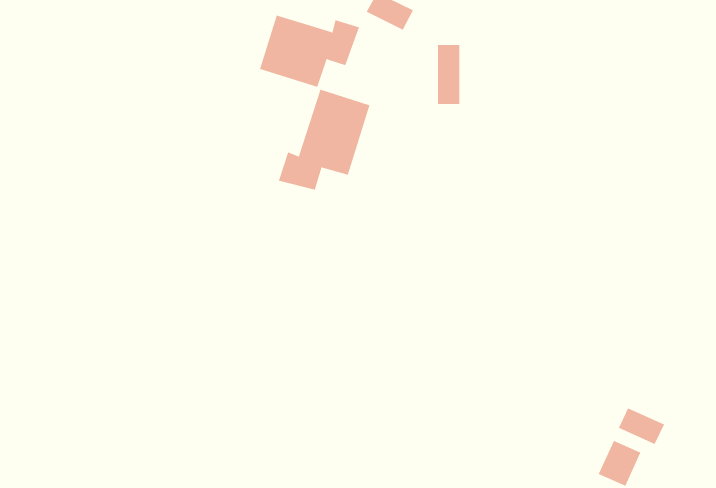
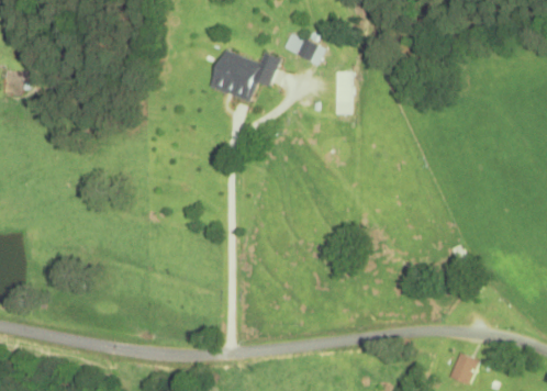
building: [278,89,370,191] -> none
building: [618,407,665,445] -> none

